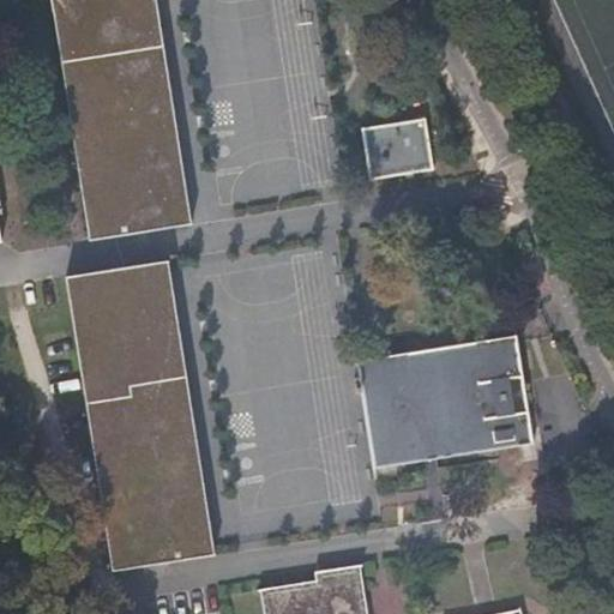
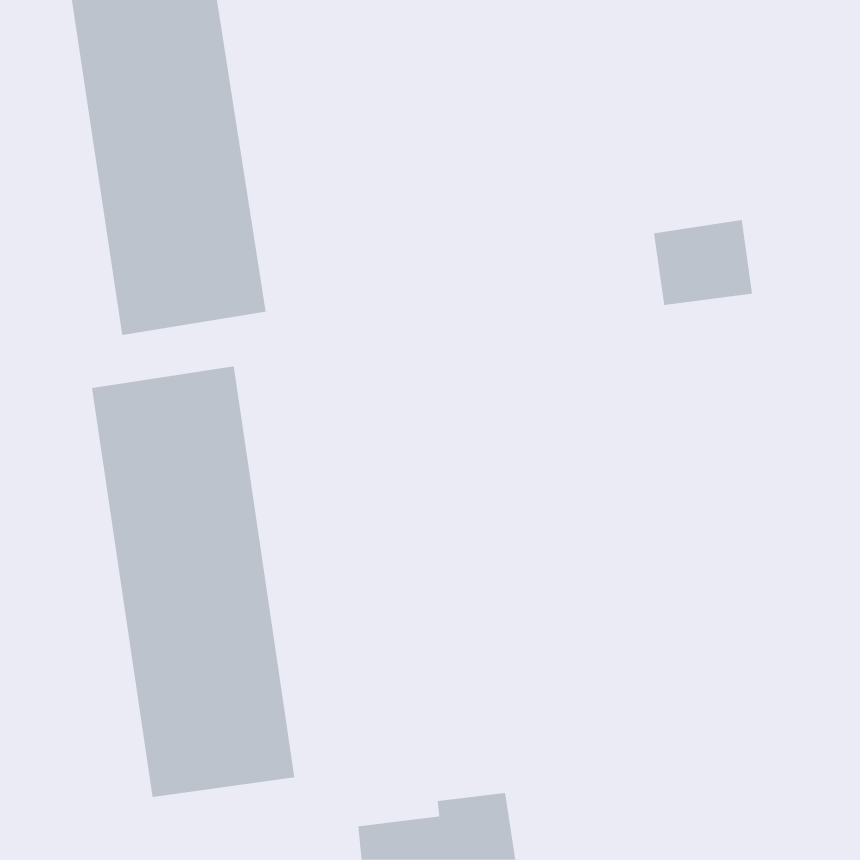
building: [362,120,433,181] -> [653,220,753,306]
building: [356,338,531,469] -> none

